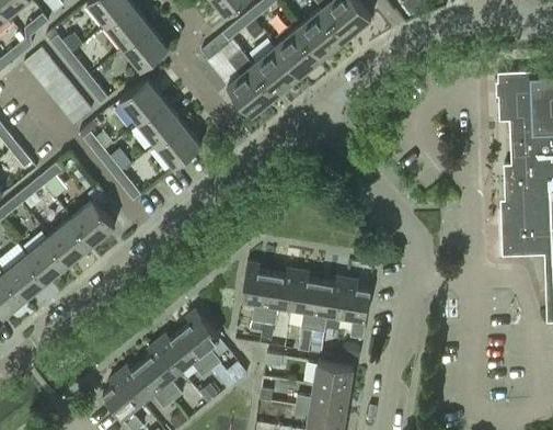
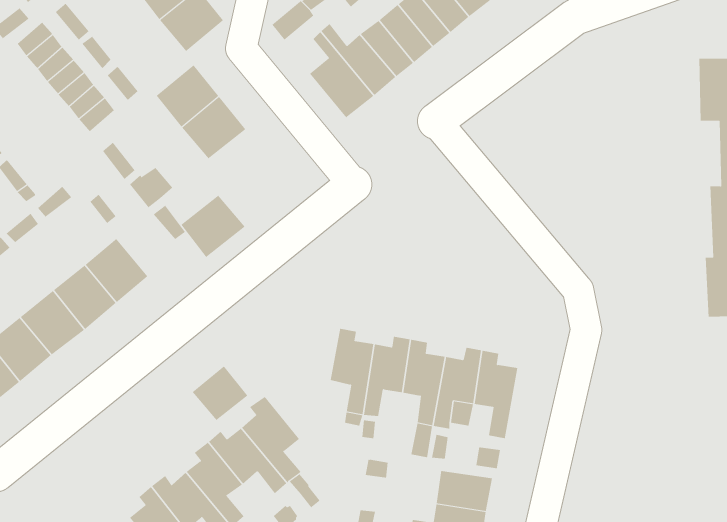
building: [157,124,201,168] -> [181,195,245,258]
building: none -> [192,365,248,421]

